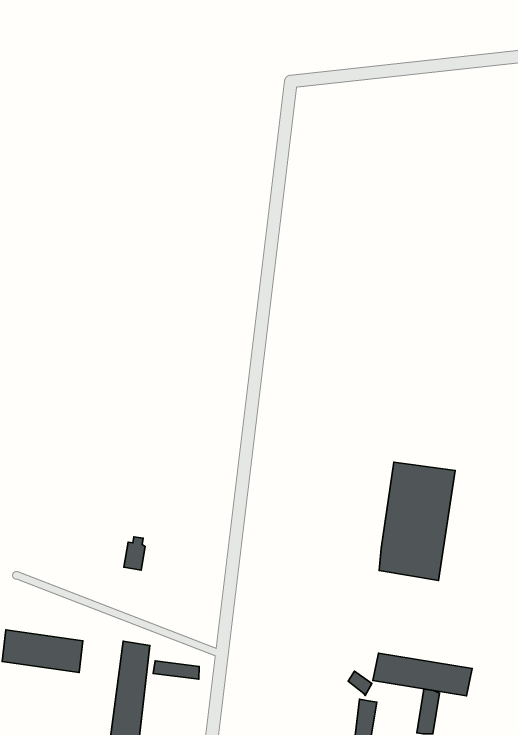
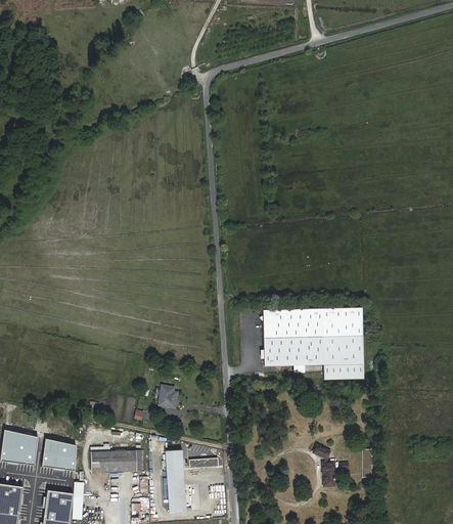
building: none -> [261,308,321,365]
building: [373,653,472,696] -> none

